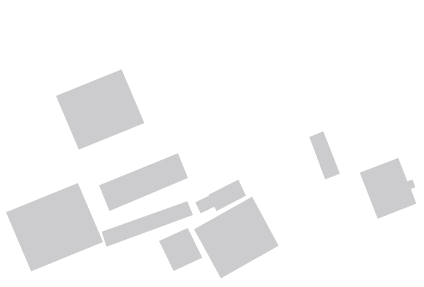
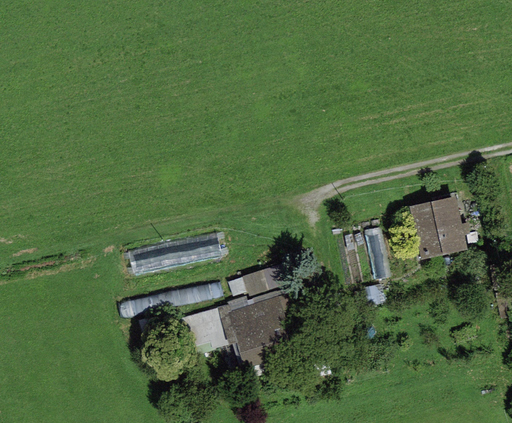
building: [55,68,145,151] -> none
building: [359,157,417,219] -> [408,196,468,260]
building: [5,182,104,272] -> none

